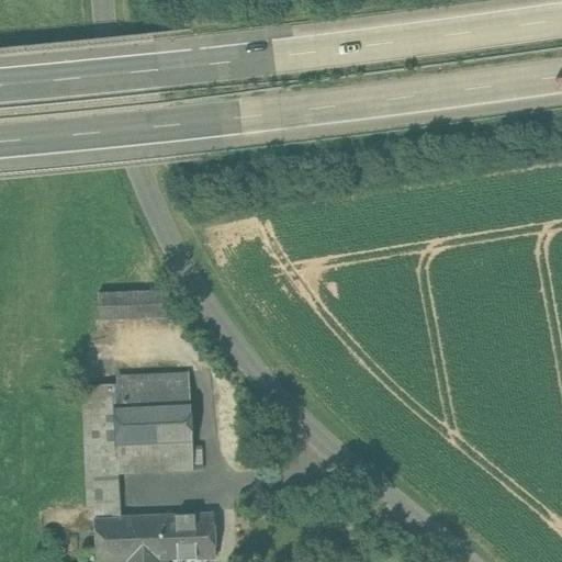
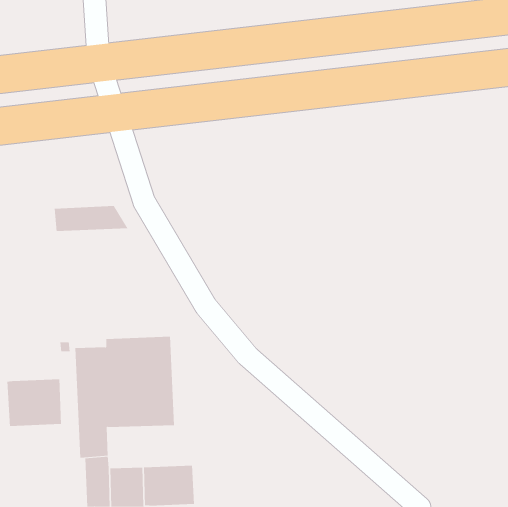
building: [97,290,179,318] -> [54,206,128,231]
building: none -> [7,379,61,427]

